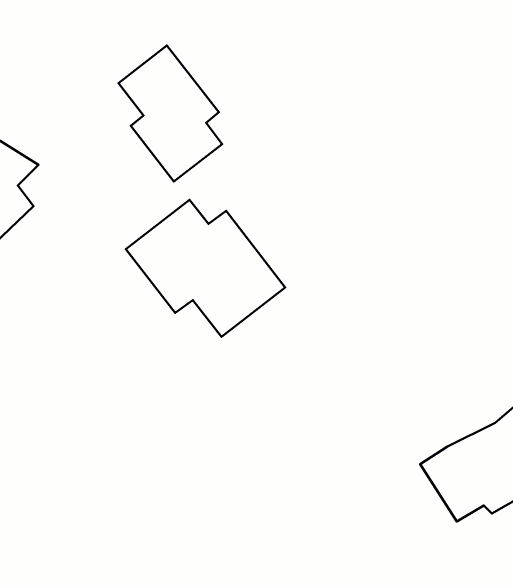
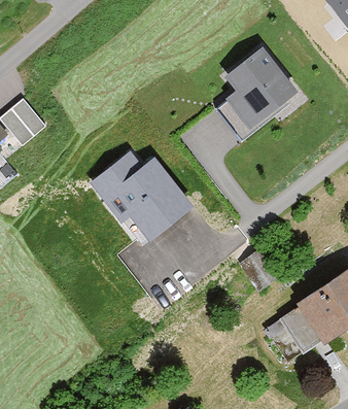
building: none -> [214,37,312,138]
building: [119,46,222,182] -> none

